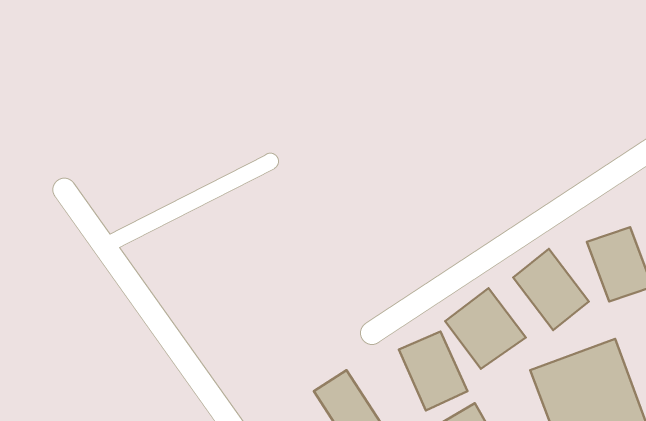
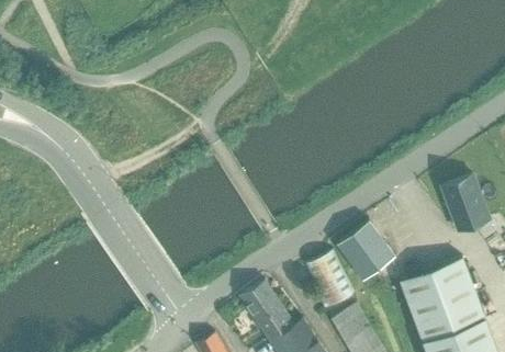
building: [513,249,589,330] -> none

